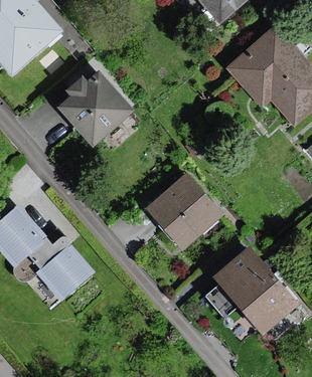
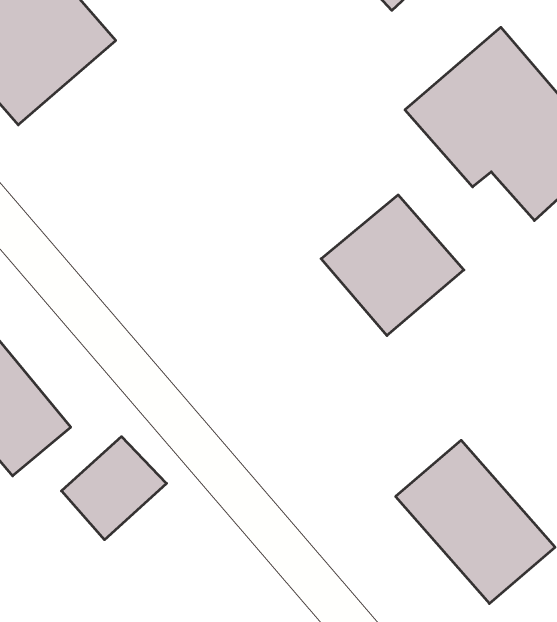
building: [58,72,136,149] -> none
building: [146,175,222,250] -> [321,195,464,336]

